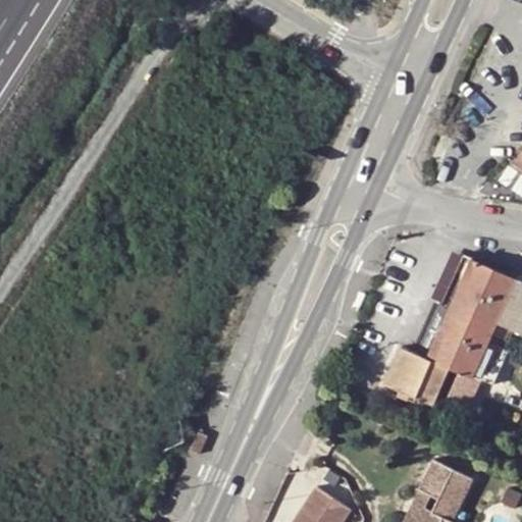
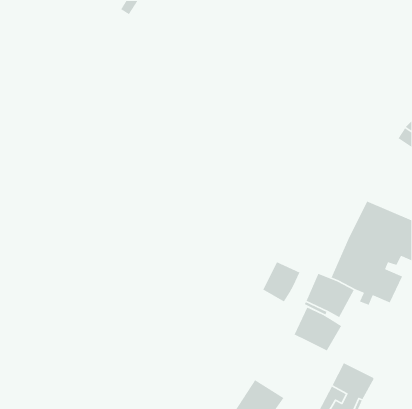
building: none -> [262,261,301,302]
building: none -> [294,306,342,352]

